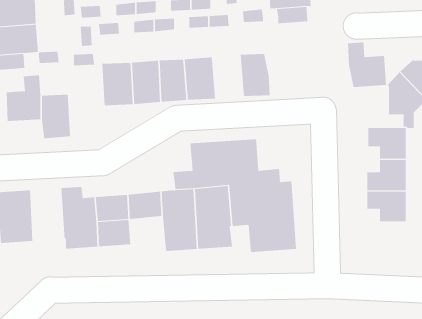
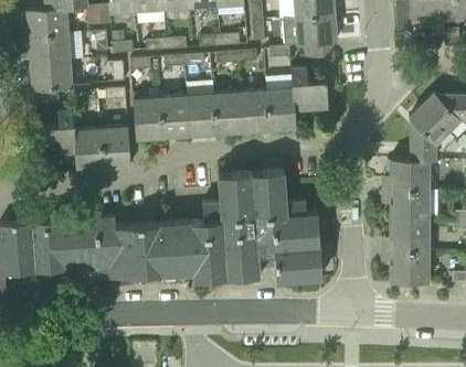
building: [347,42,387,87] -> [289,66,328,110]
building: none -> [240,89,269,132]
building: none -> [100,126,130,169]
building: none -> [64,218,96,270]
building: none -> [159,246,193,273]
building: none -> [389,251,427,282]

